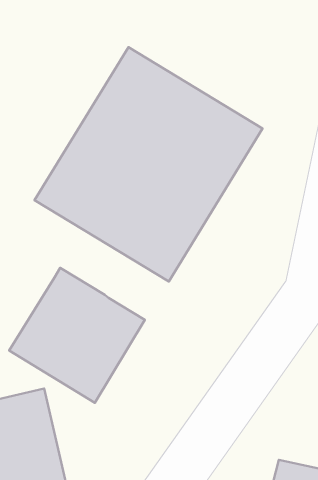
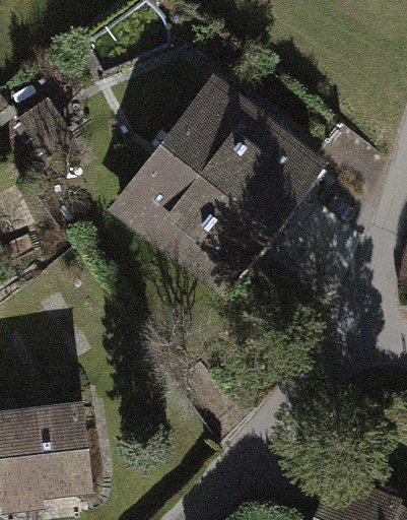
building: [9,268,145,403] -> none

